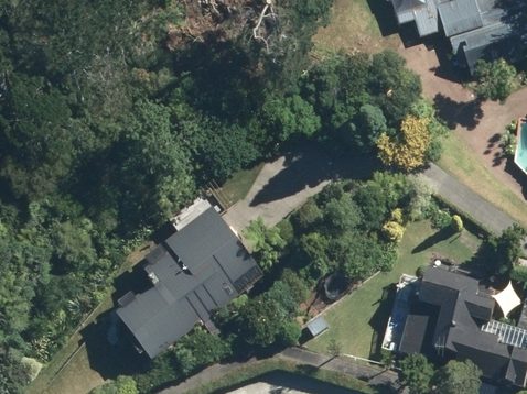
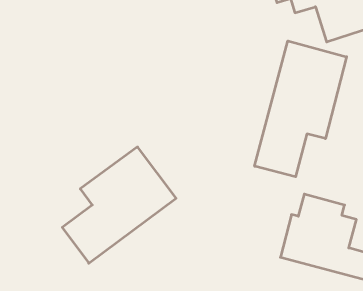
building: none -> [255,41,347,177]

